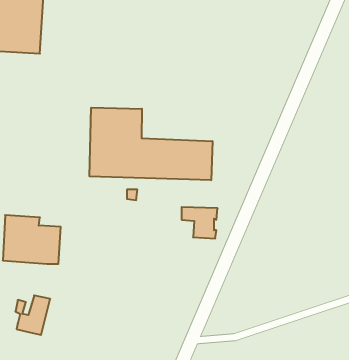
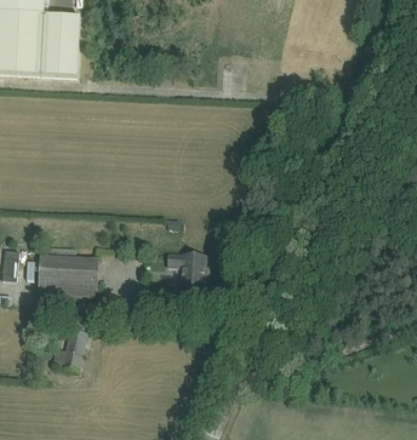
building: [90,108,212,180] -> none
building: [182,207,218,238] -> [168,253,206,286]

